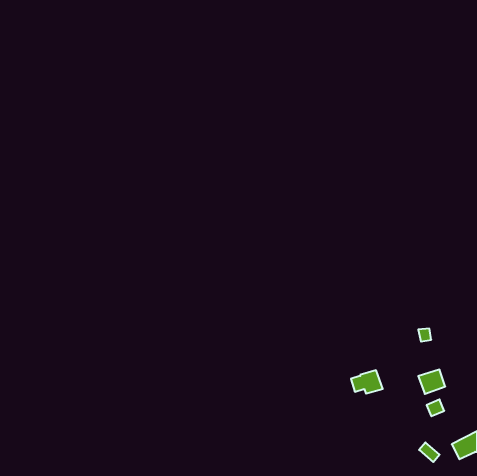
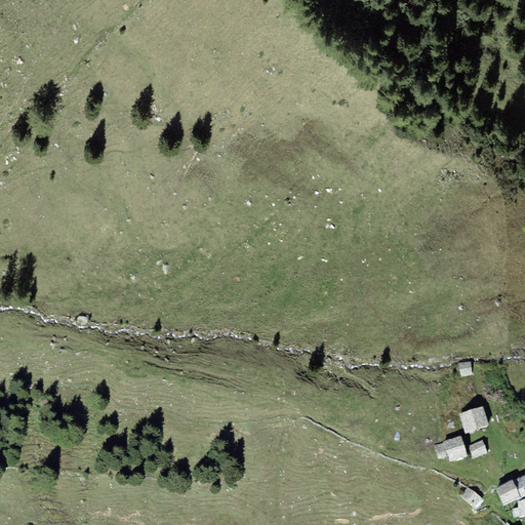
building: [351,370,383,394] -> [434,435,469,460]

